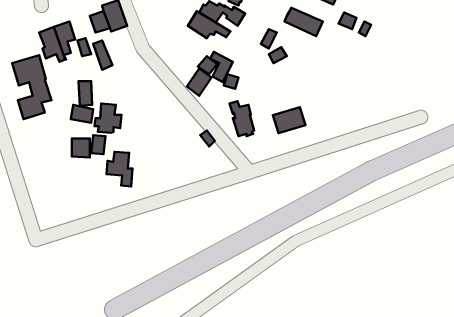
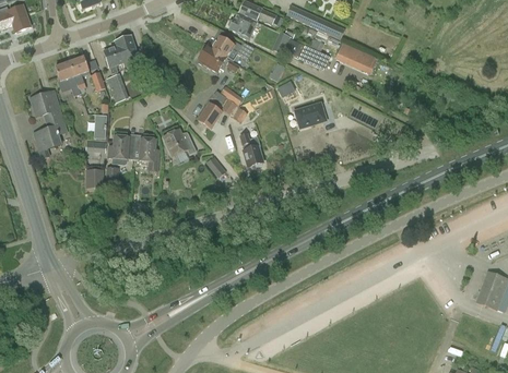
building: none -> [164,129,198,163]
building: [273,107,306,133] -> [295,103,327,128]
building: [107,152,132,187] -> [133,137,158,171]

